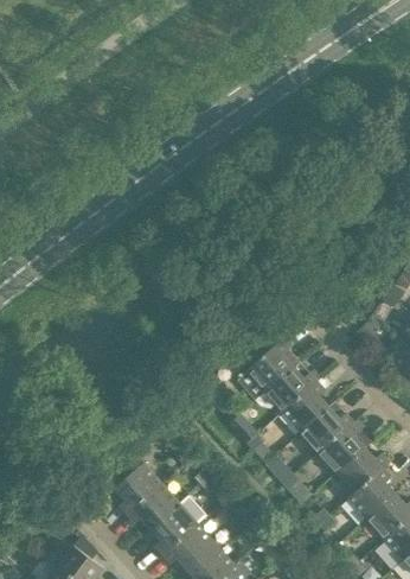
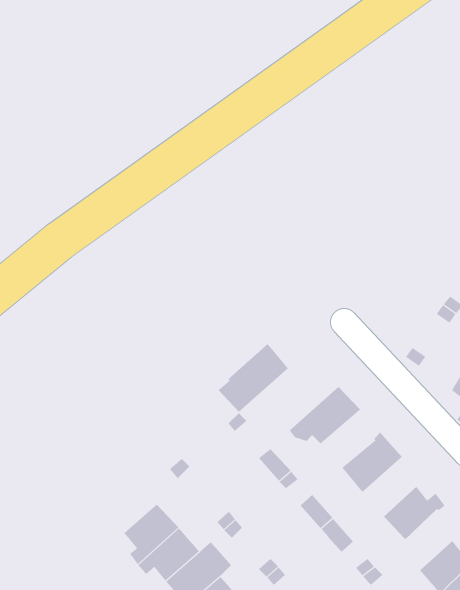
building: [238,342,299,401] -> [218,343,289,412]
building: [283,383,329,433] -> none
building: [319,424,371,475] -> none
building: [348,469,396,521] -> none

